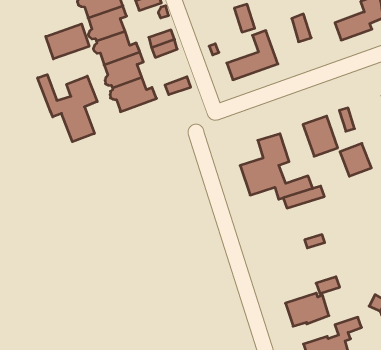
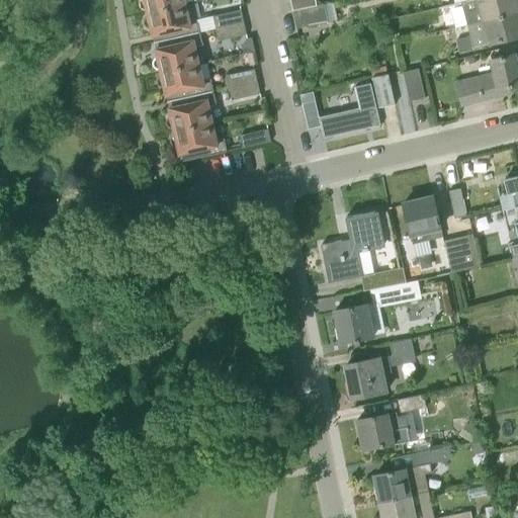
building: [234,4,255,32] -> [373,74,396,107]
building: [46,24,89,59] -> none
building: [38,75,97,142] -> none
building: none -> [335,304,372,342]
building: none -> [346,356,392,398]

